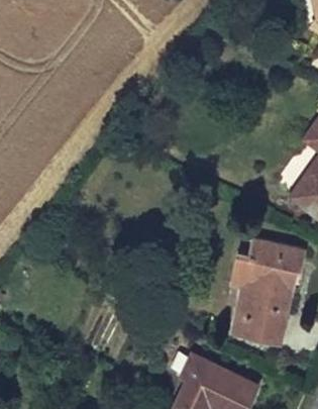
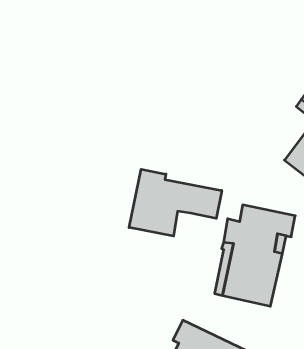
building: none -> [129,169,222,236]

